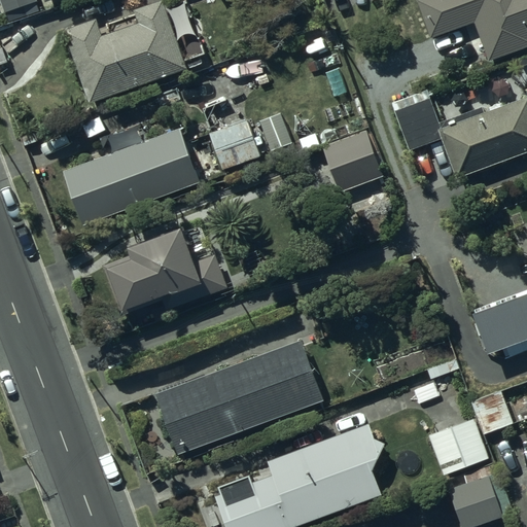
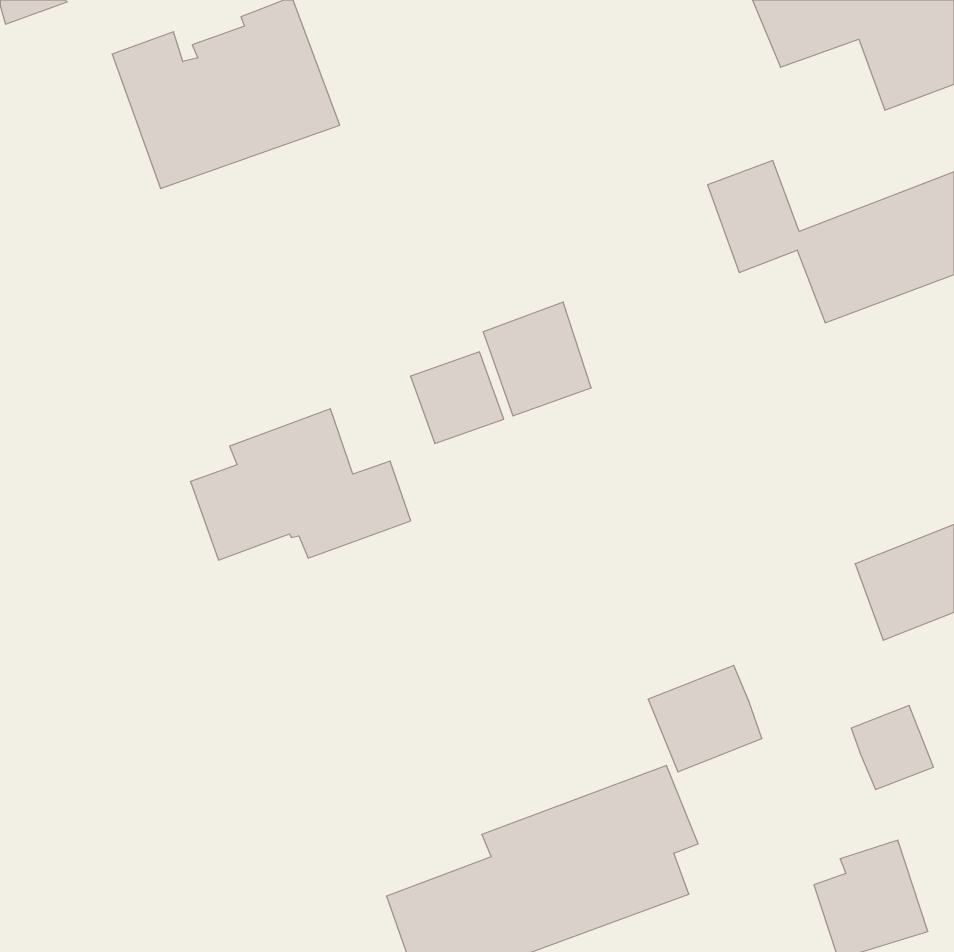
building: [209,120,260,171] -> [410,352,504,443]
building: [62,129,199,225] -> none
building: [322,130,382,192] -> [483,302,591,416]
building: [154,340,323,456] -> none
building: [427,417,490,476] -> [648,666,762,772]

